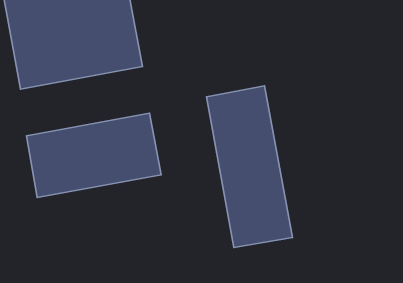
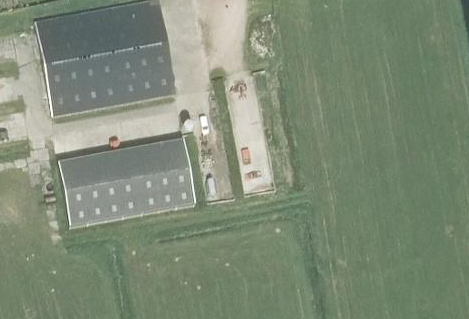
building: [206,86,293,248] -> none

